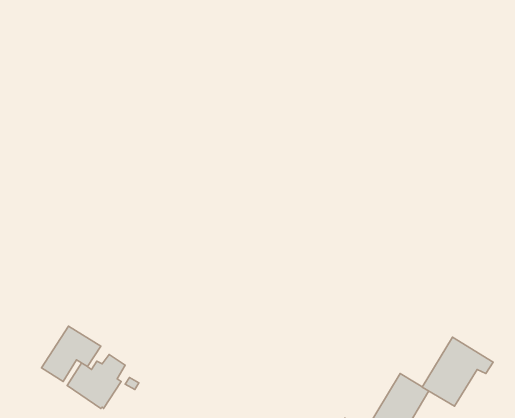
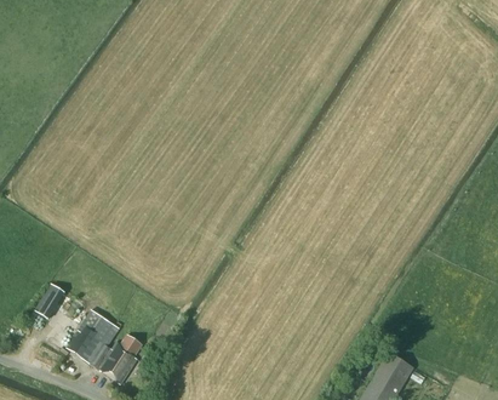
building: none -> [38,280,68,316]
building: [422,337,493,406] -> none

